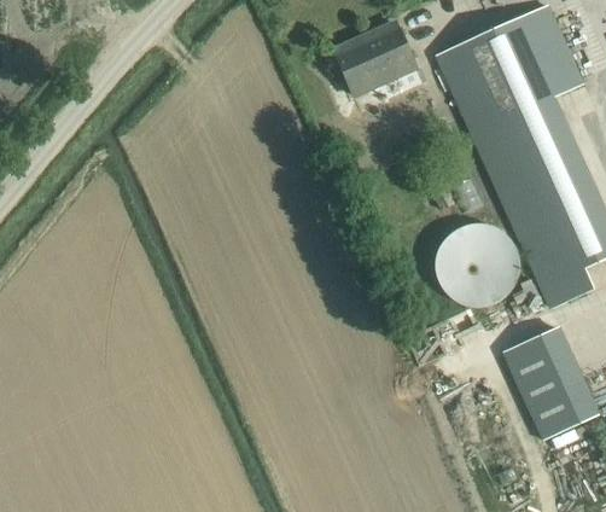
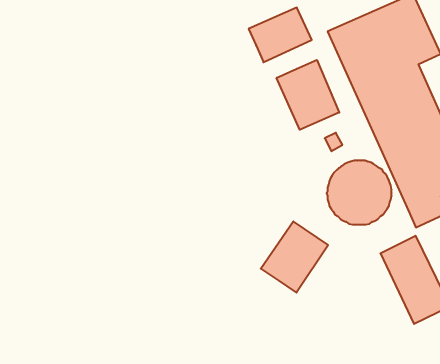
building: none -> [277,60,339,130]
building: none -> [261,221,328,293]

